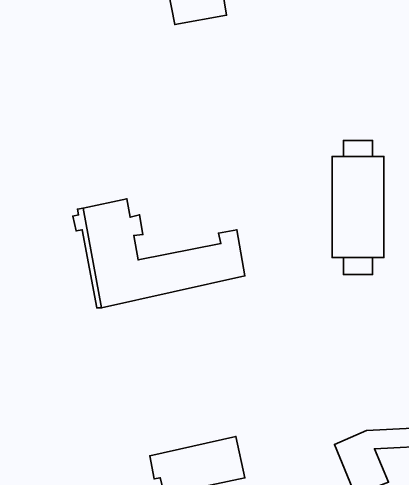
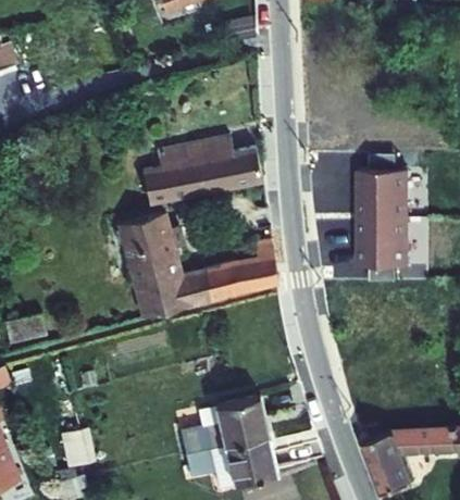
building: none -> [144,134,260,202]
building: none -> [183,399,270,457]
building: none -> [63,425,95,464]

